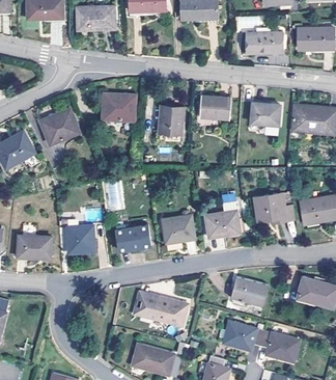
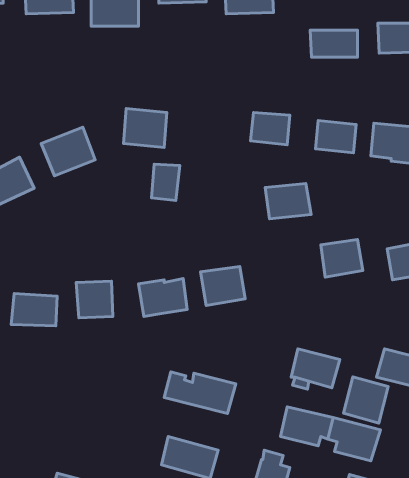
building: [161,106,183,134] -> [152,164,180,201]
building: [205,211,241,238] -> [265,184,311,219]
building: none -> [343,377,388,423]

